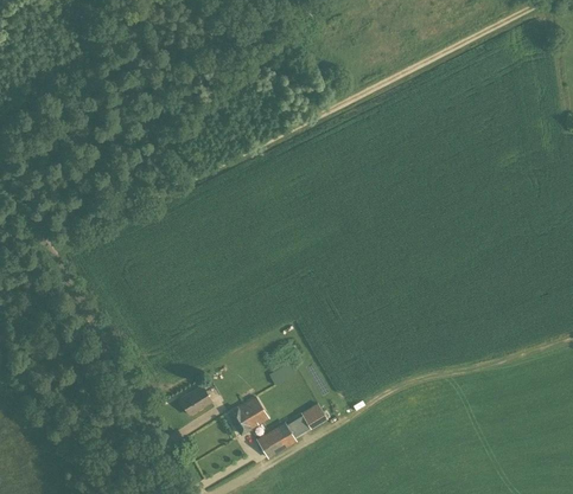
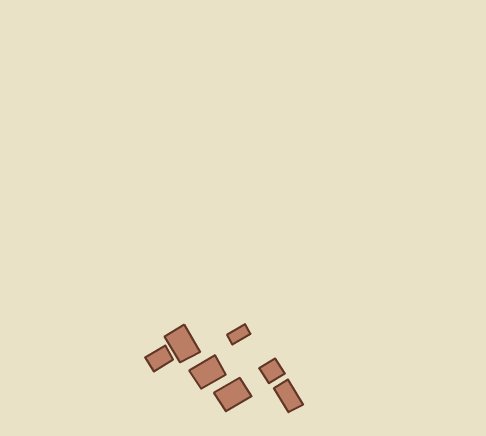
building: none -> [165,325,200,362]
building: none -> [274,379,303,412]

